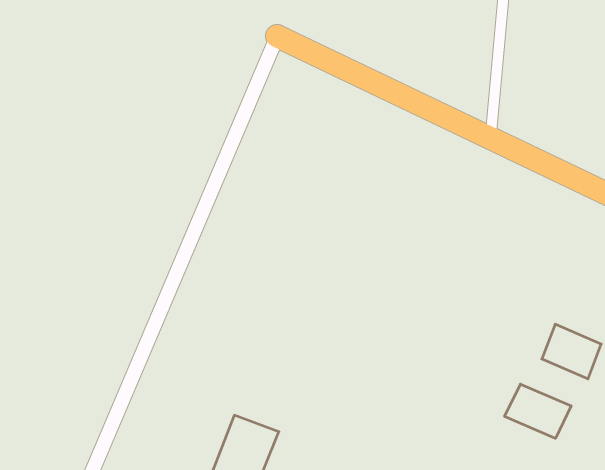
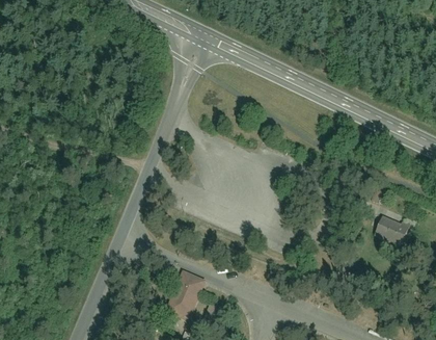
building: [505,384,571,438] -> none

